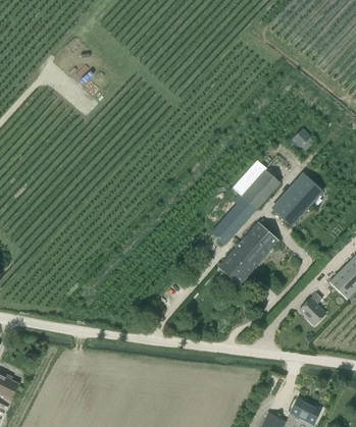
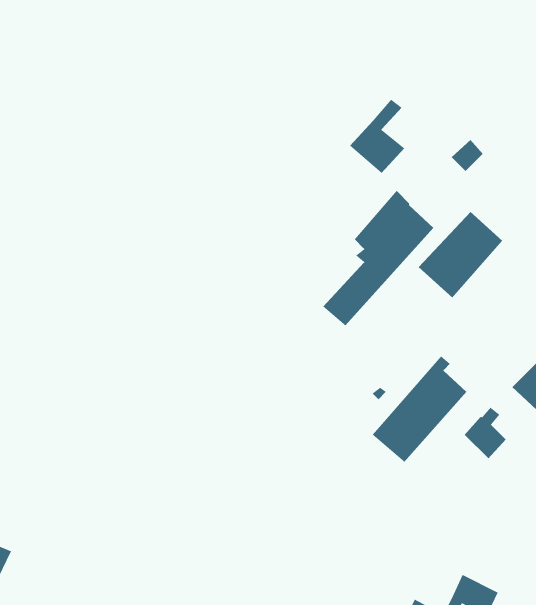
building: none -> [349,99,405,174]
building: [218,218,277,284] -> [372,356,467,462]

